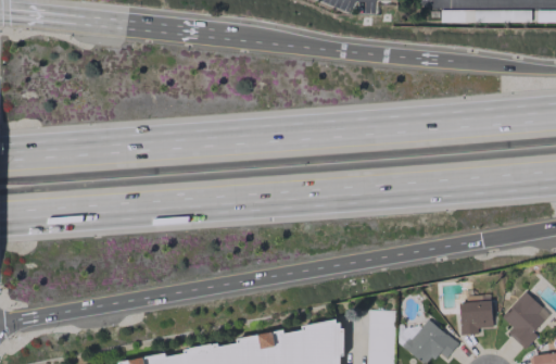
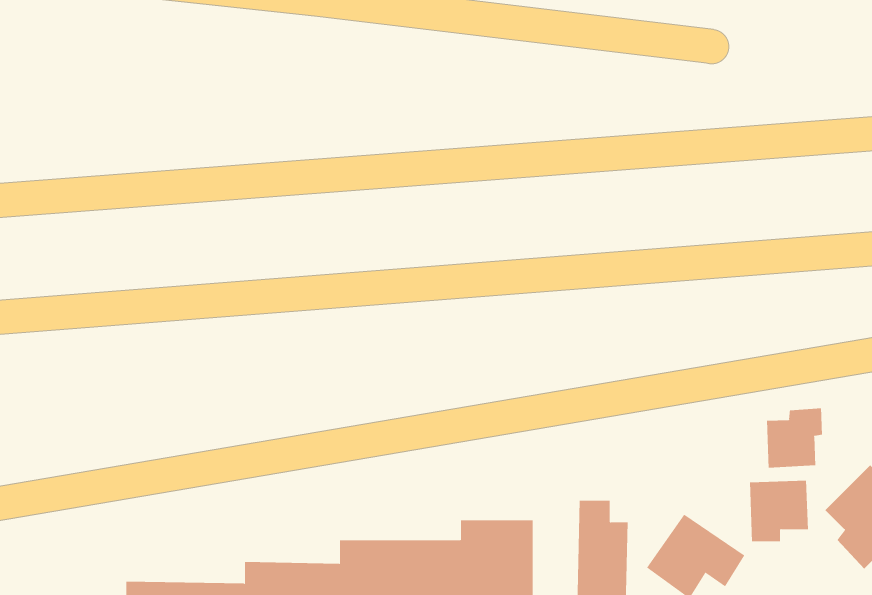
building: none -> [767,408,822,469]

